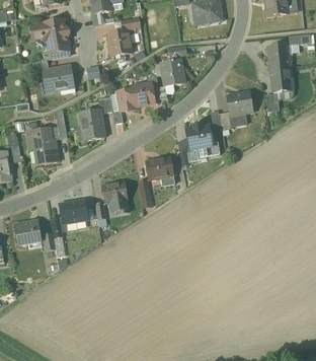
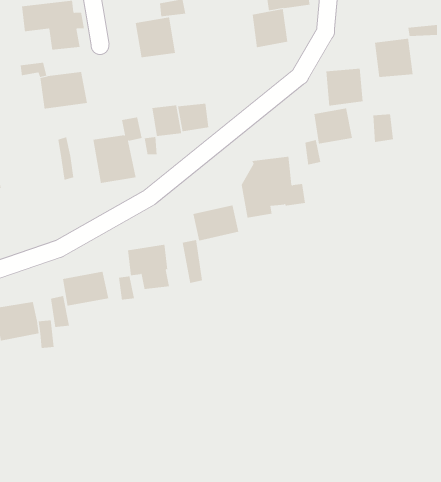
building: [160,59,184,85] -> [252,9,288,48]
building: [269,68,295,93] -> [326,68,363,106]
building: [25,121,59,164] -> none

